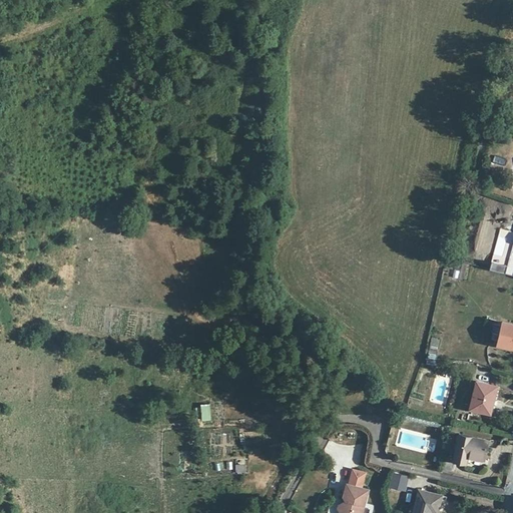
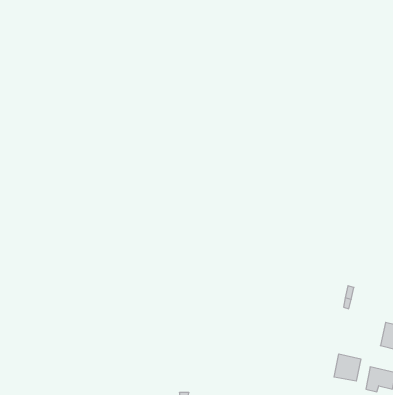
building: none -> [334,354,361,381]

